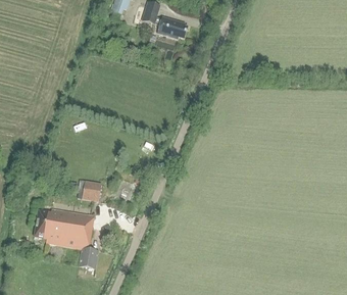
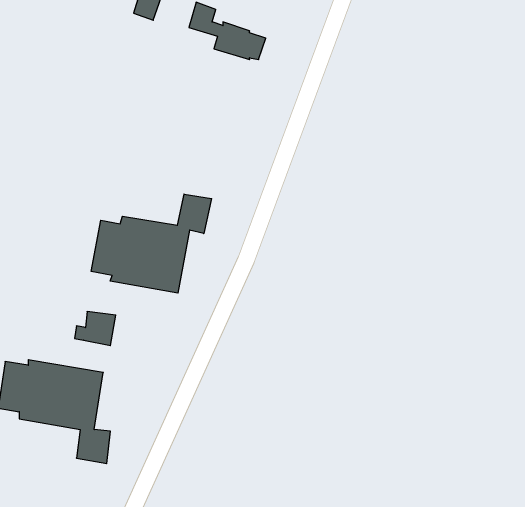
building: none -> [91,194,212,293]

